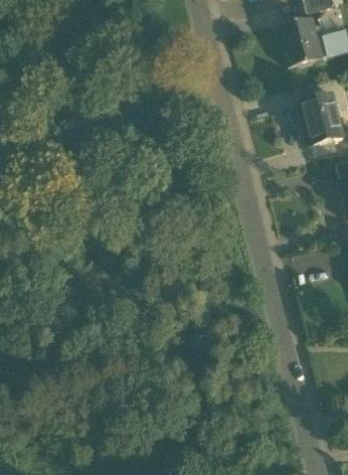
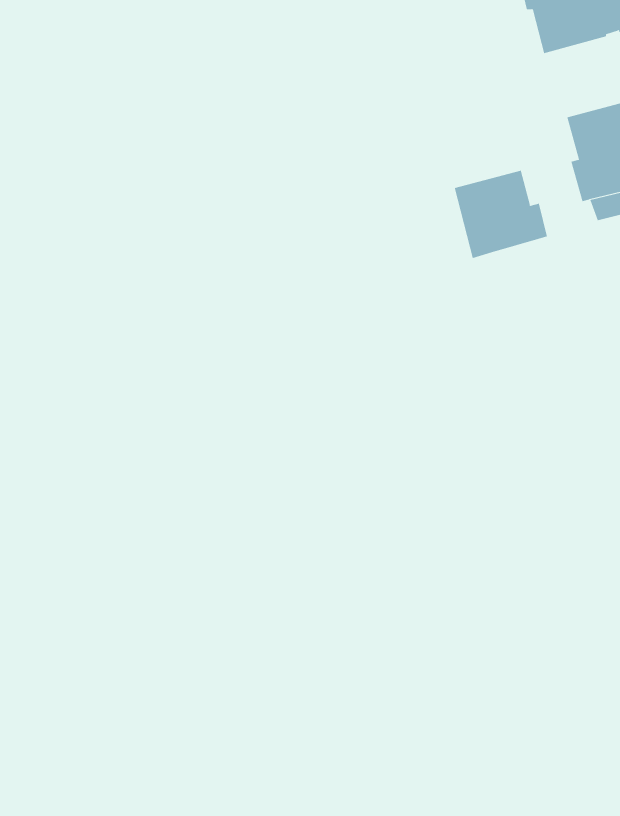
building: none -> [454,170,547,259]

